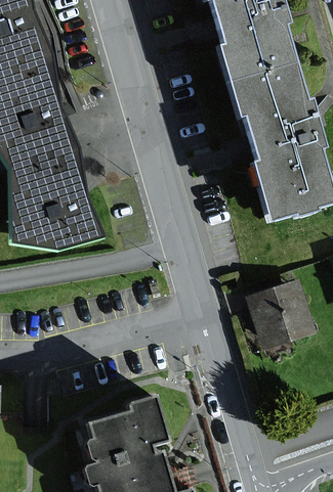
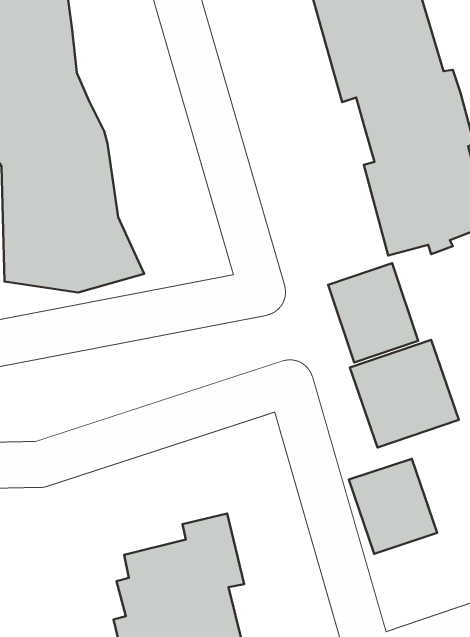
building: none -> [328,263,418,362]
building: none -> [349,459,437,554]

